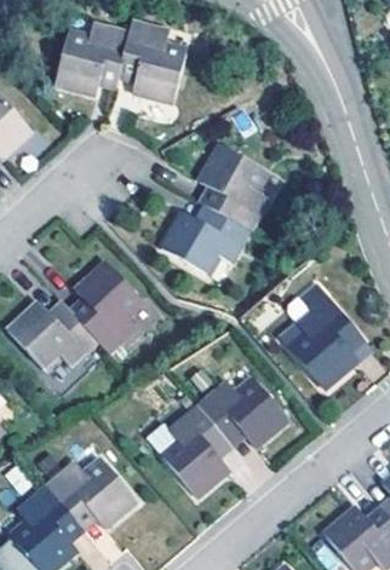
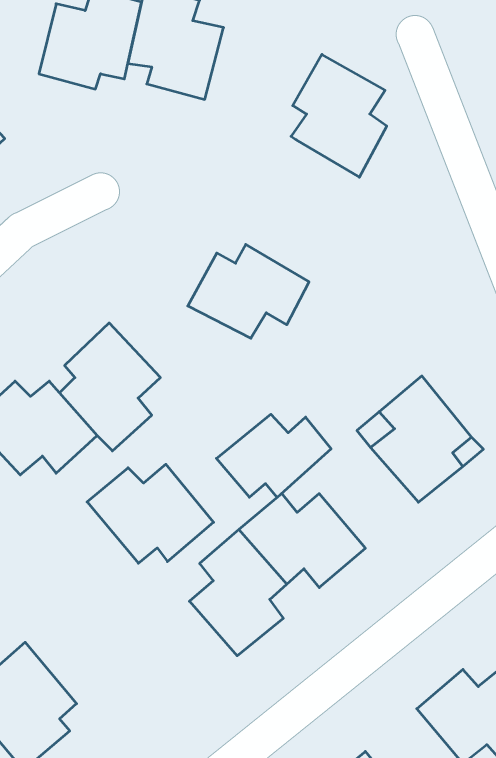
building: [199,144,266,231] -> [291,54,387,177]
building: none -> [216,414,331,497]
building: [46,460,136,530] -> [87,464,214,563]

